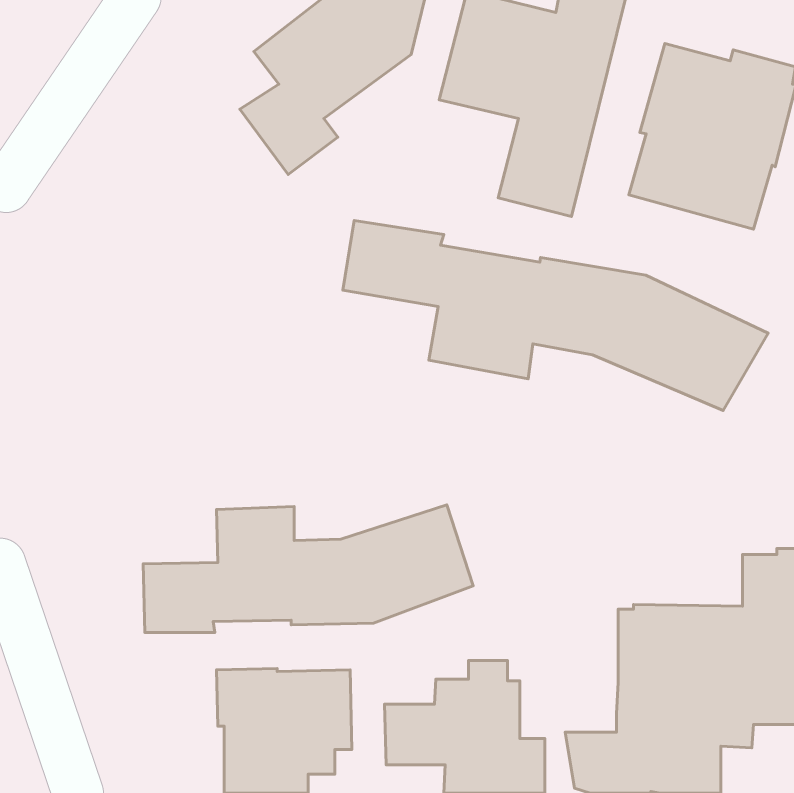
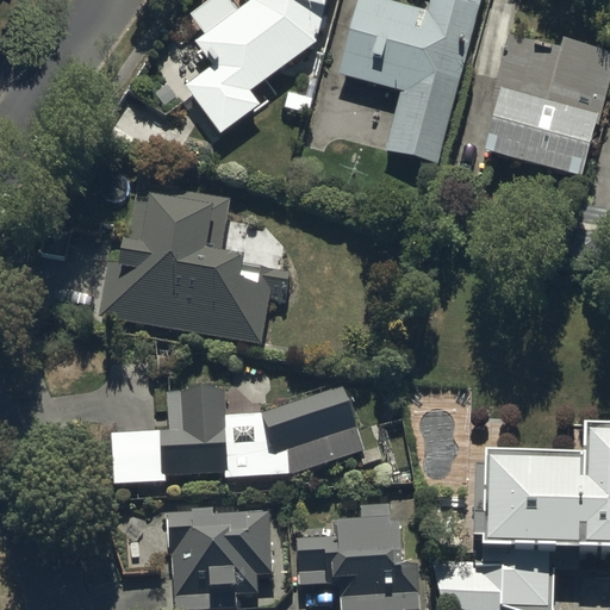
building: [343,221,768,411] -> none
building: none -> [97,181,286,344]

